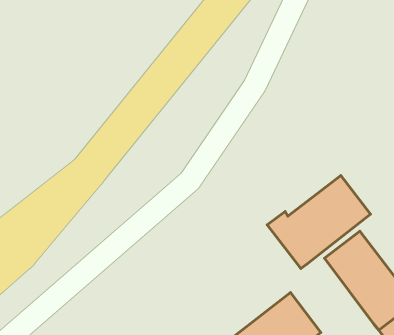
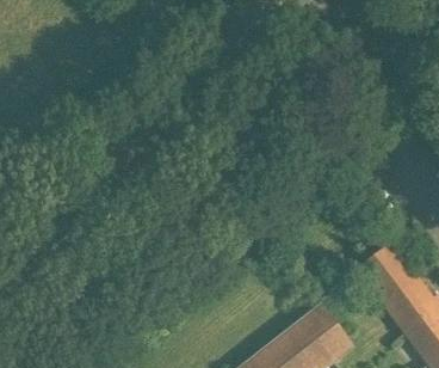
building: [267,175,370,268] -> none

